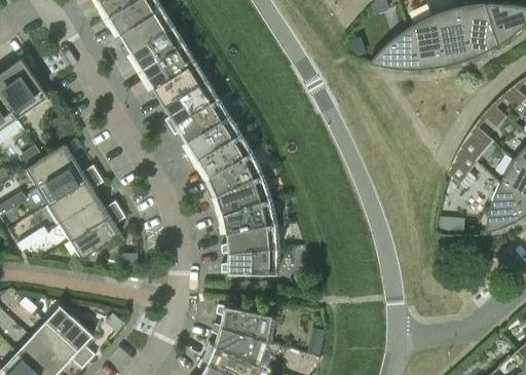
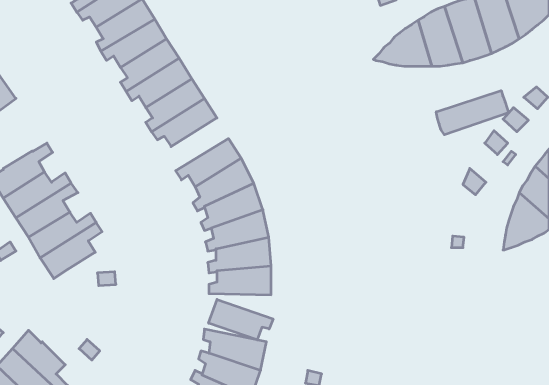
building: none -> [436,91,509,135]
building: [187,115,238,162] -> none
building: none -> [209,299,273,340]

